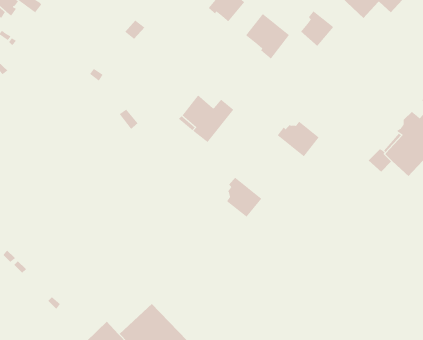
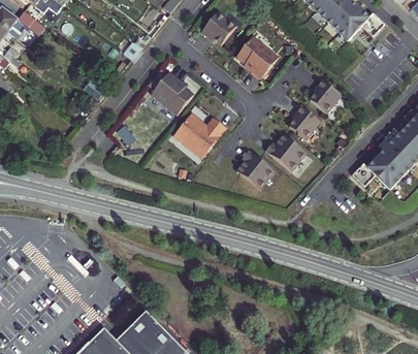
building: [300,11,334,47] -> [310,79,342,114]
building: none -> [152,71,193,115]
building: none -> [289,106,320,139]
building: [226,177,262,218] -> [240,151,275,189]

